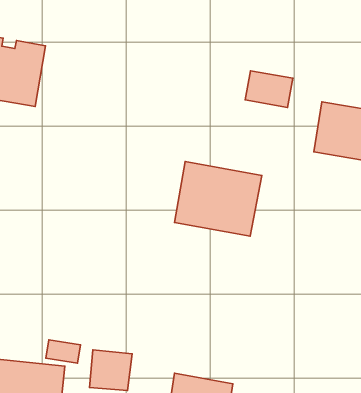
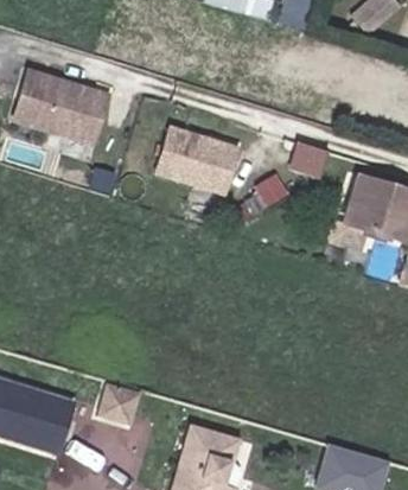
building: [175,162,262,236] -> [153,125,238,201]

